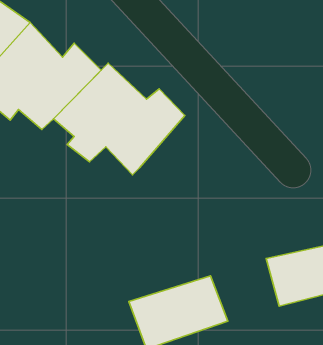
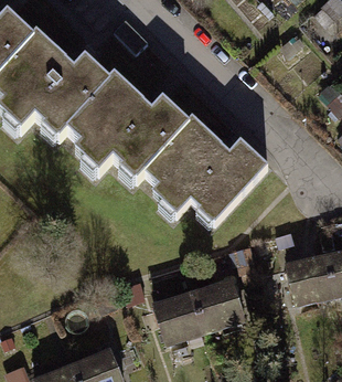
building: none -> [159,124,272,225]

